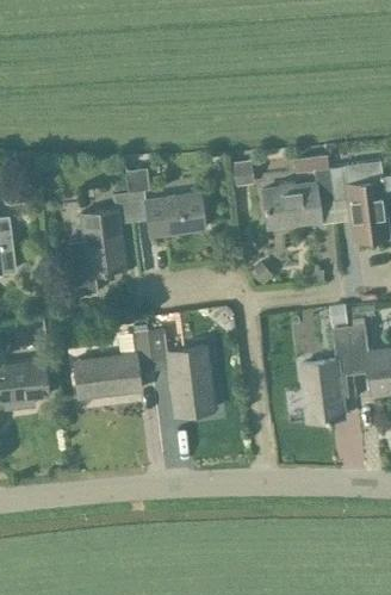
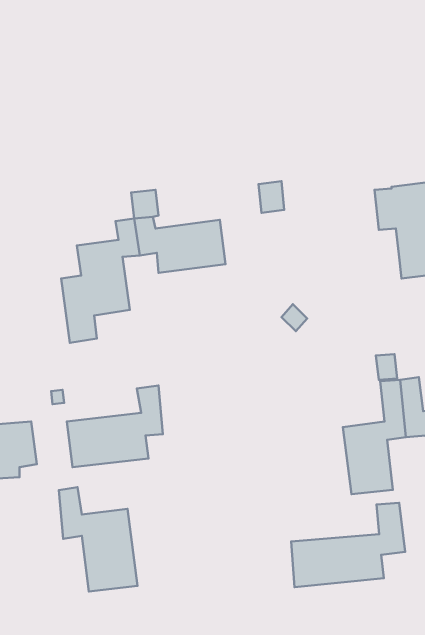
building: [261,156,334,229] -> none
building: [148,329,213,416] -> [59,487,138,592]
building: none -> [291,503,405,587]

